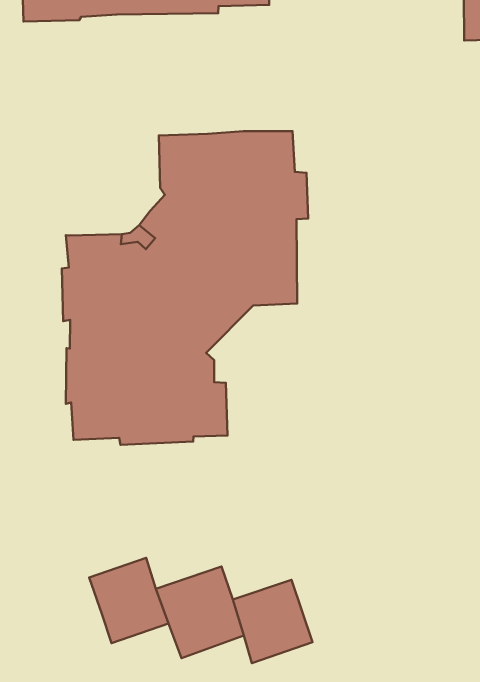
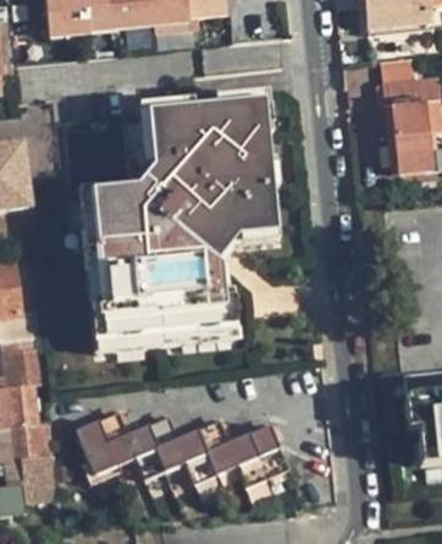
building: none -> [76,93,278,352]
building: none -> [138,100,188,168]
building: none -> [75,413,136,486]

